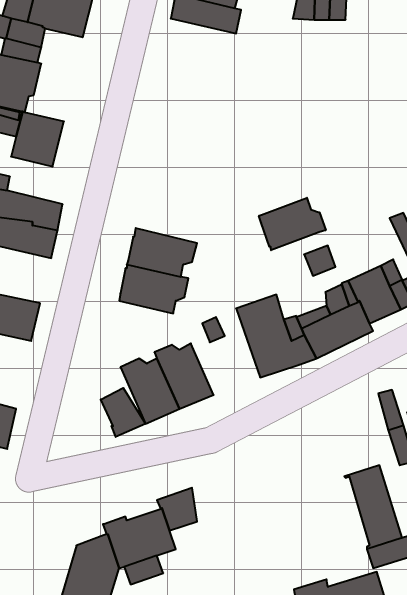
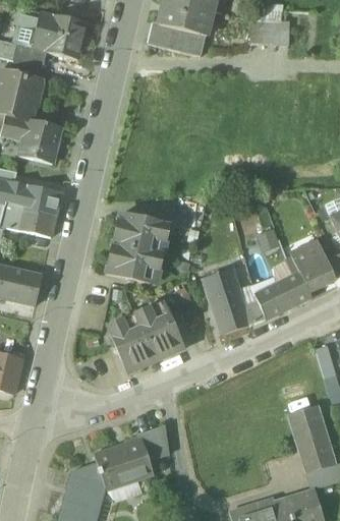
building: [259,198,326,250] -> none
building: [101,388,146,437] -> none

